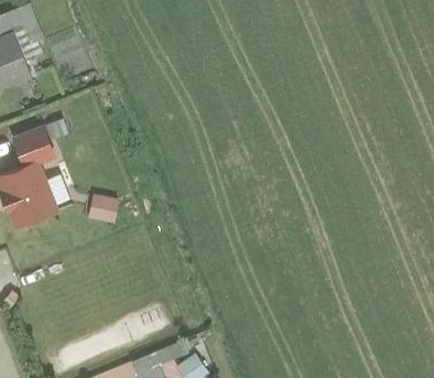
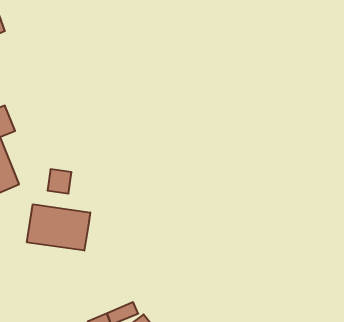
building: none -> [27,204,90,251]

